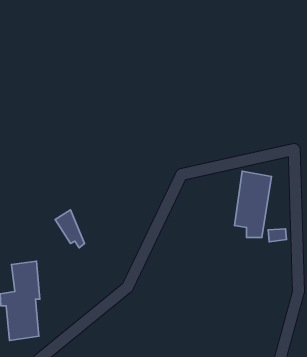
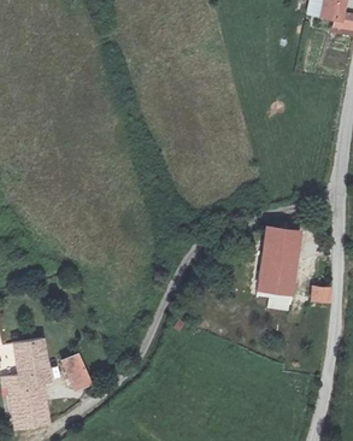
building: [55,210,84,248] -> [59,346,92,388]

